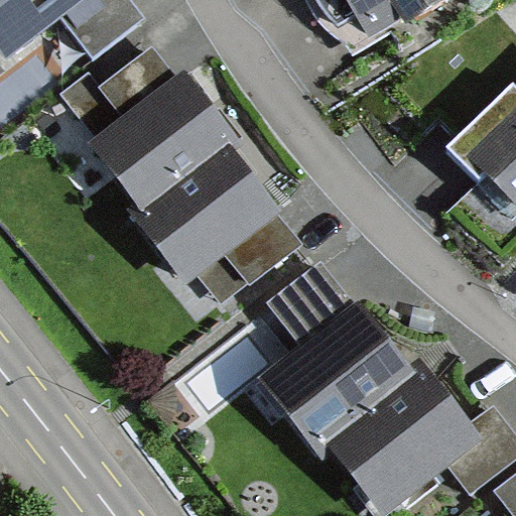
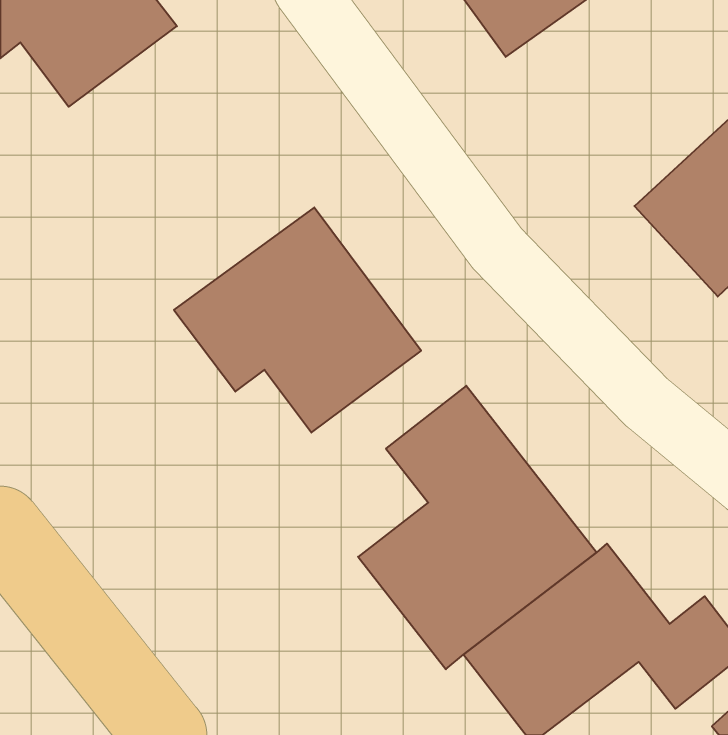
building: [78,42,230,214] -> none

